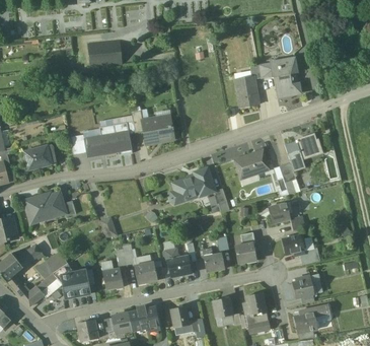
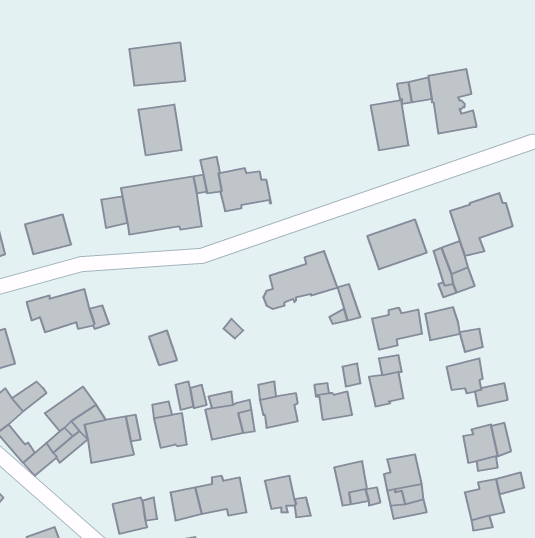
building: none -> [139,104,182,155]
building: none -> [372,308,422,350]

